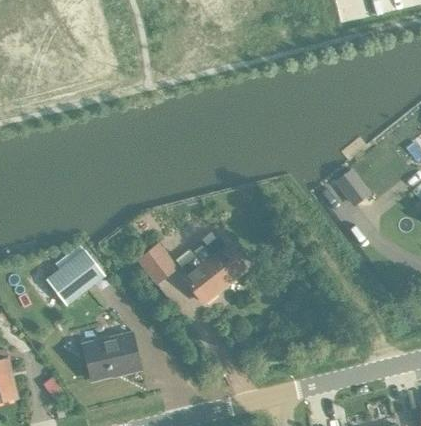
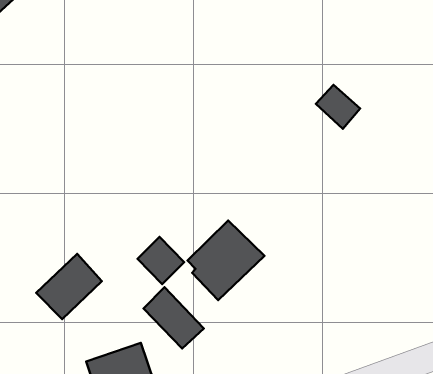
building: [335,165,373,204] -> [316,85,360,129]
building: none -> [144,287,204,348]

